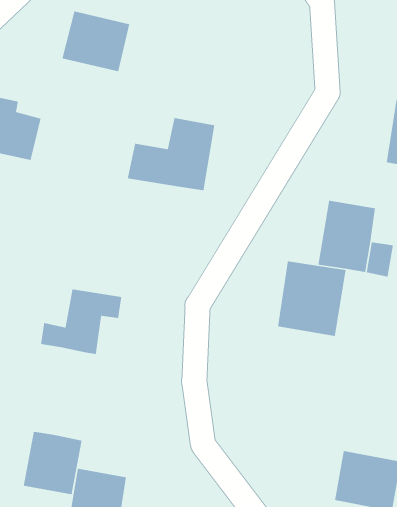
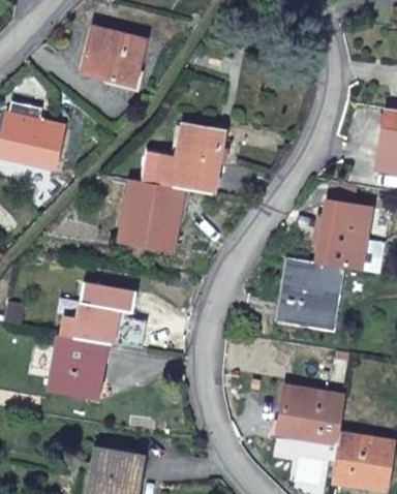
building: none -> [120,181,184,248]
building: none -> [279,387,346,443]
building: [23,431,82,495] -> [50,336,104,395]

